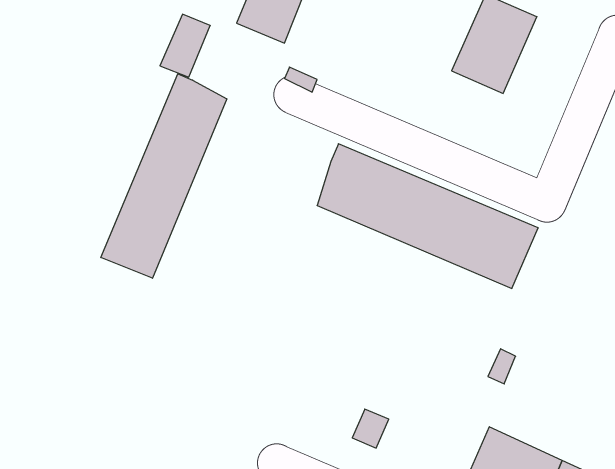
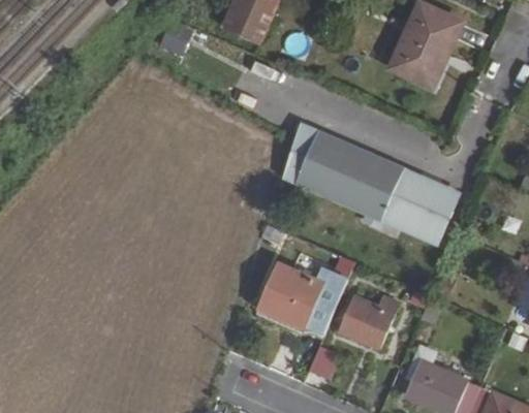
building: [101,74,227,278] -> none
building: none -> [261,261,346,330]
building: none -> [339,295,398,348]

